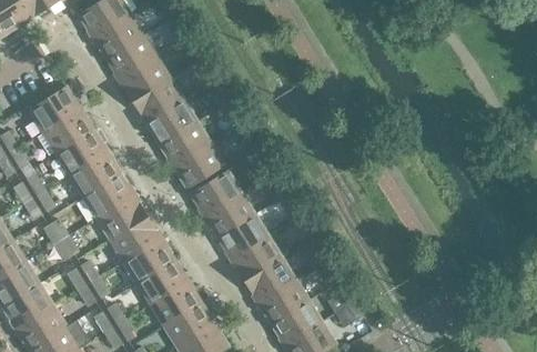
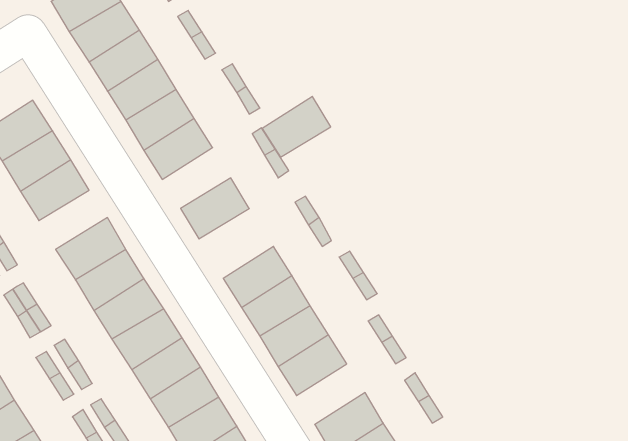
building: [160,121,210,165] -> [262,96,331,157]
building: [70,152,120,195] -> none
building: [190,171,241,217] -> none
building: [257,279,307,323] -> none

